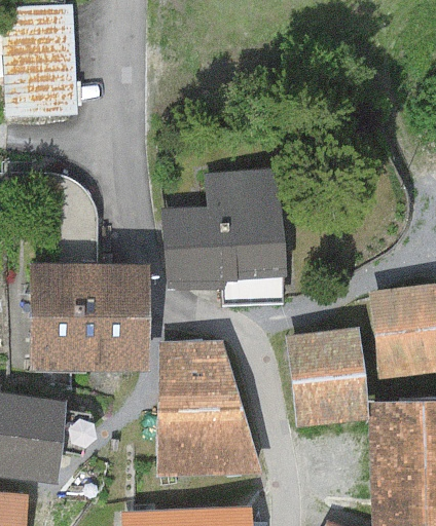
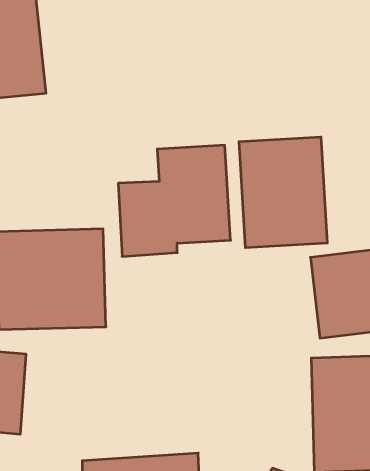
building: none -> [239,137,327,248]
building: [286,327,369,425] -> none
building: [160,341,260,479] -> none

